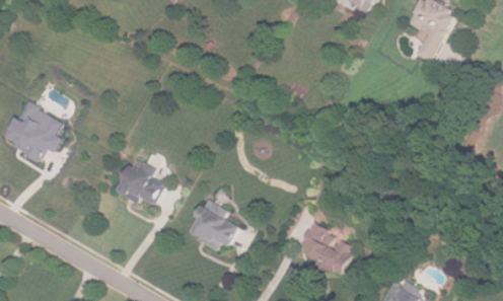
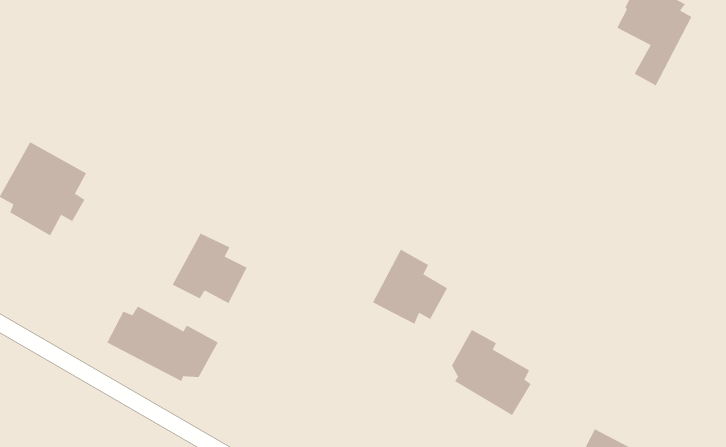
building: [190,200,238,248] -> [372,249,448,325]
building: none -> [106,306,219,382]

